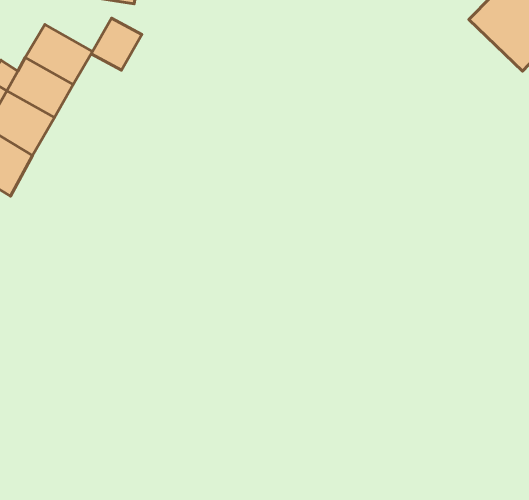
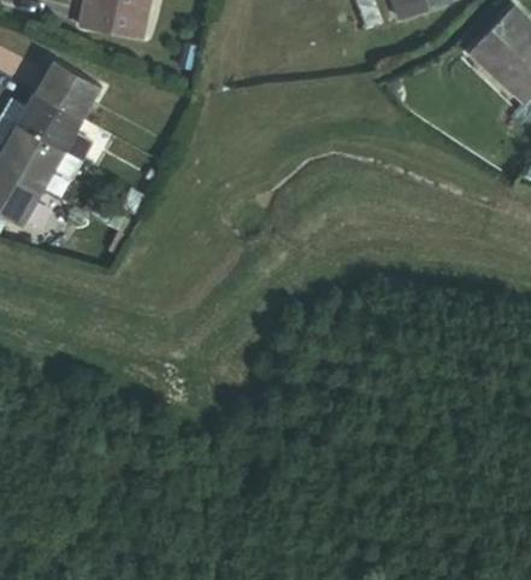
building: [91,18,142,70] -> none

